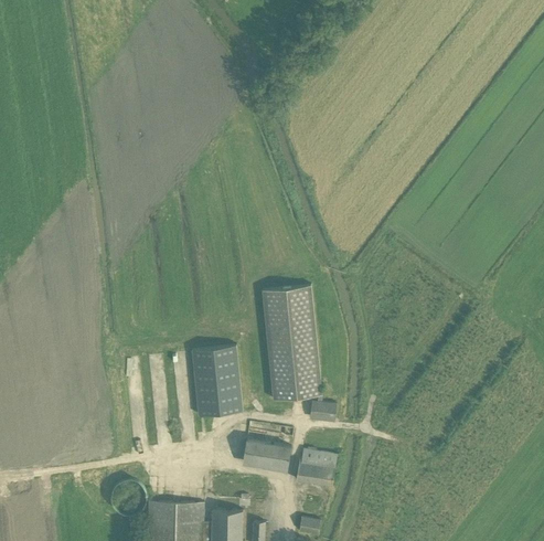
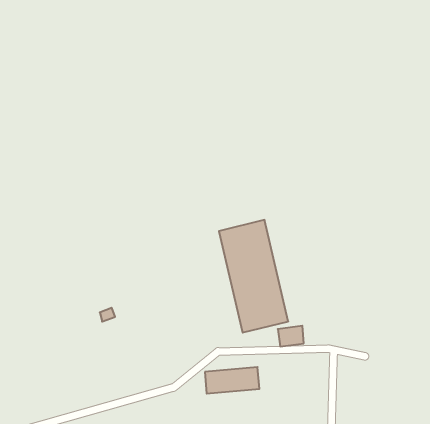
building: [190,344,242,415] -> none
building: [295,448,335,486] -> none

